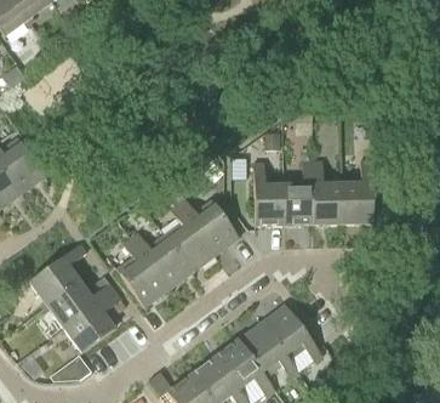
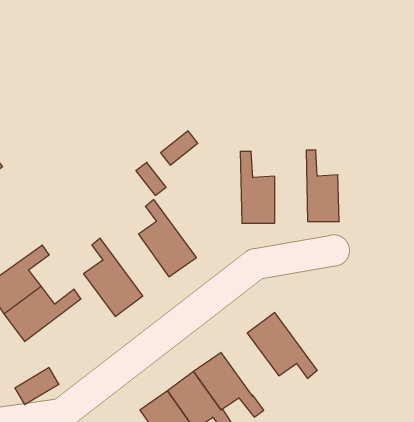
building: [339,159,371,223] -> none
building: [284,160,313,225] -> none
building: [177,199,239,255] -> none
building: [130,233,190,289] -> none
building: [63,291,119,352] -> none
building: [236,322,308,393] -> none

